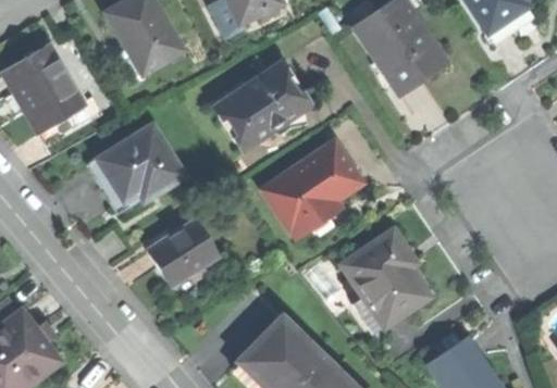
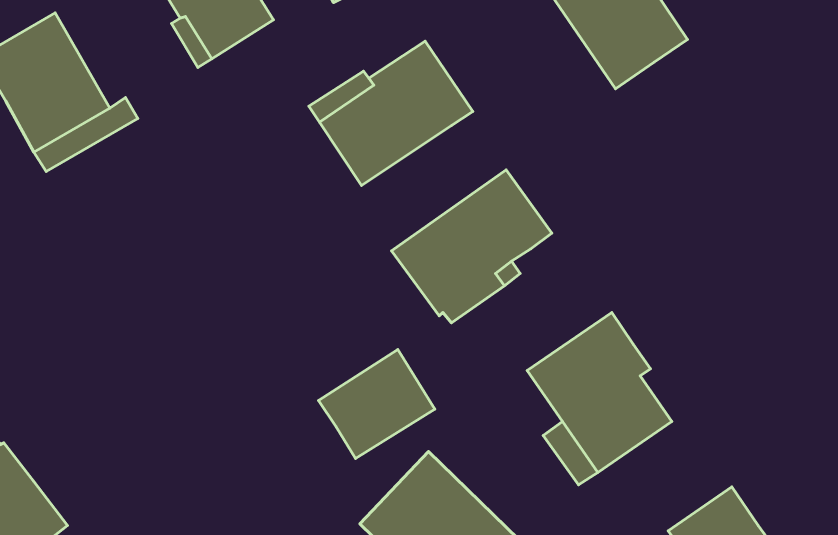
building: [95,125,184,204] -> none
building: [146,220,218,287] -> [319,349,435,459]

